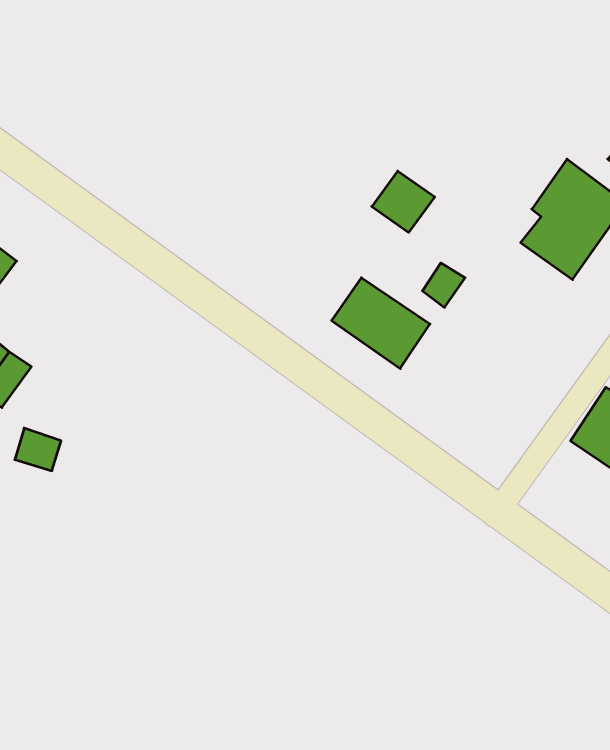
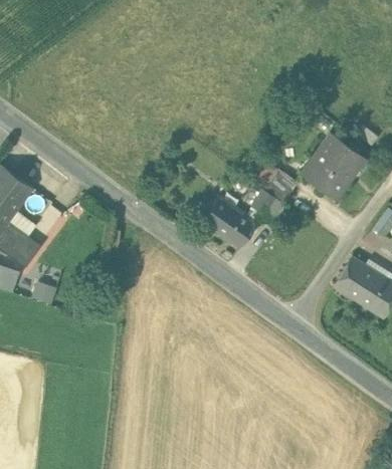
building: [372,171,435,232] -> [263,170,298,203]

